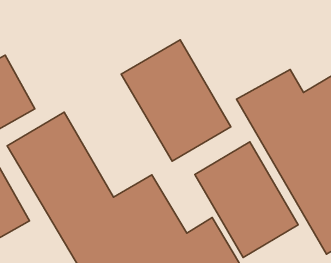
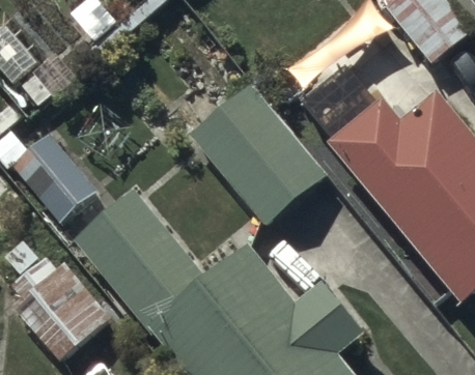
building: [195,142,298,258] -> none

